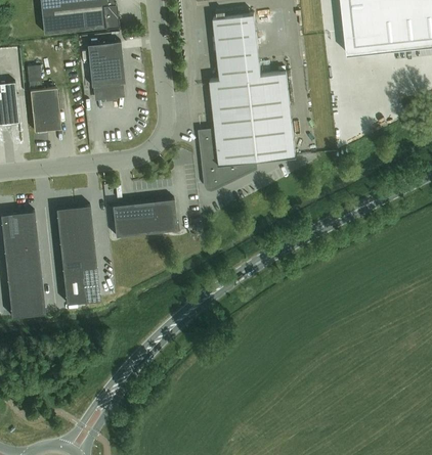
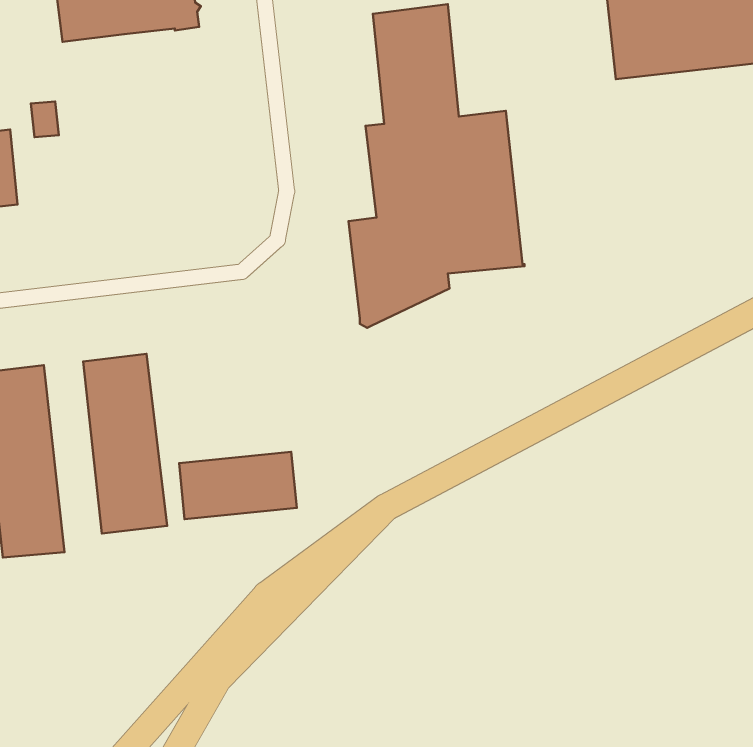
building: [87,43,125,101] -> none
building: [30,89,61,133] -> none
building: [113,200,177,237] -> [179,452,297,519]

